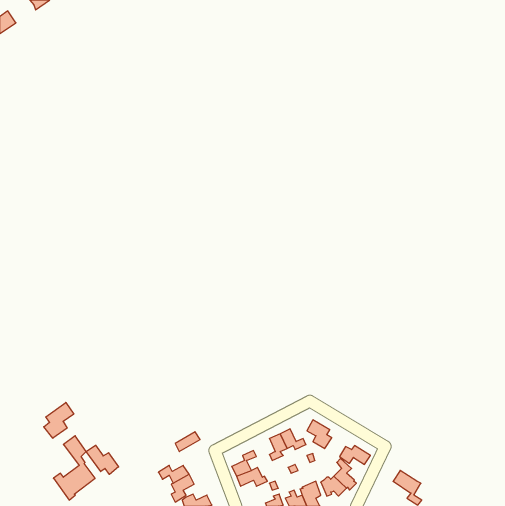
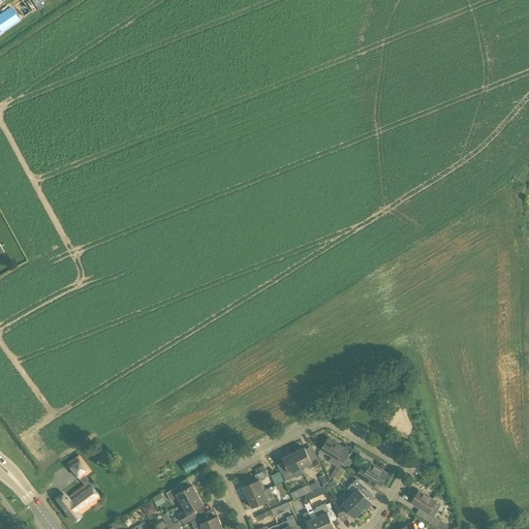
building: [44,402,74,438] -> none
building: [86,445,119,474] -> none

